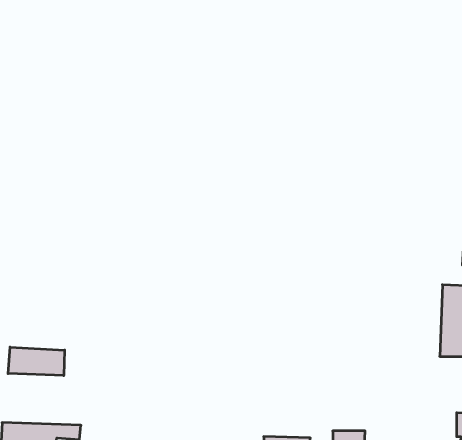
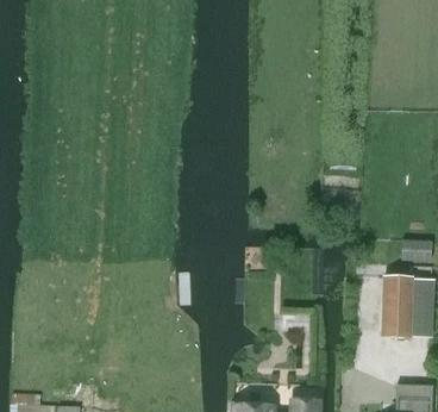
building: [8,347,65,376] -> none

